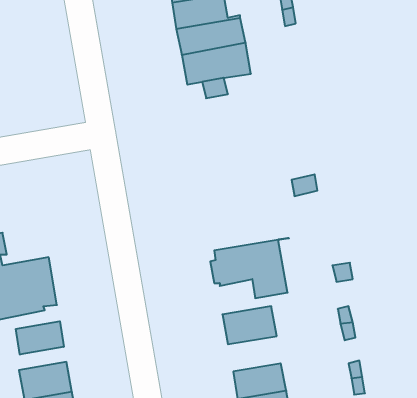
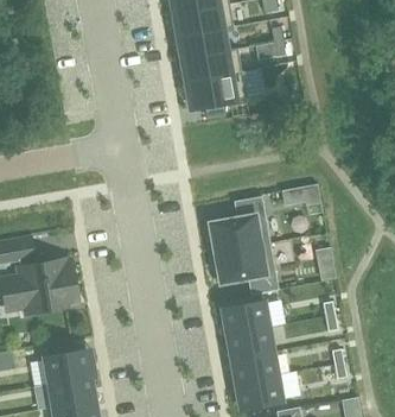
building: none -> [205,196,279,253]
building: [16,321,64,355] -> none
building: none -> [227,328,273,359]

